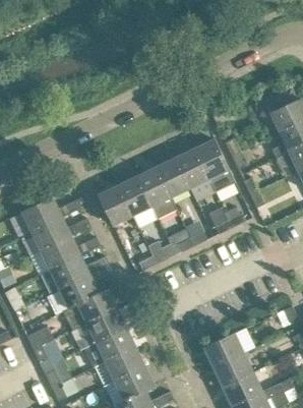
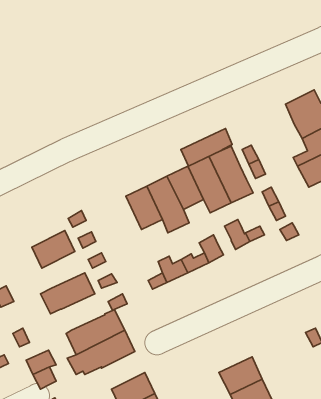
building: none -> [181,129,232,166]
building: [98,185,132,226] -> none
building: [21,197,62,232] -> none
building: [41,236,80,270] -> none
building: [46,275,99,315] -> none
building: [84,328,135,362] -> none

